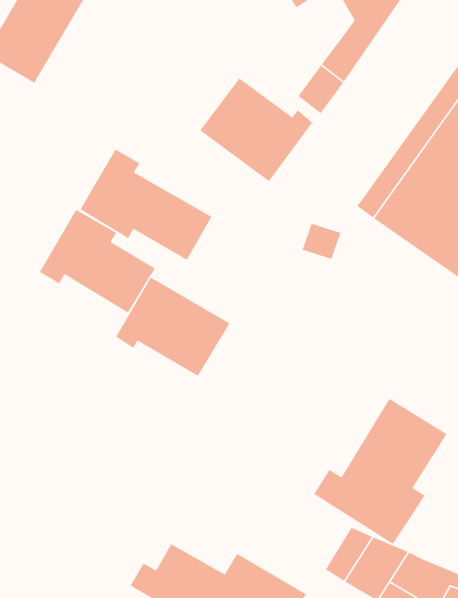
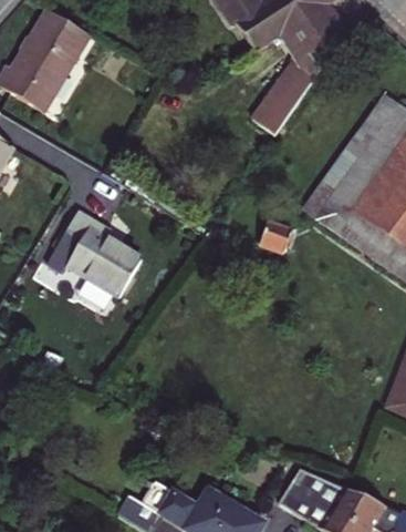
building: [199,77,313,182] -> none
building: [79,149,212,261] -> none
building: [115,276,231,377] -> none
building: [313,398,448,545] -> none

